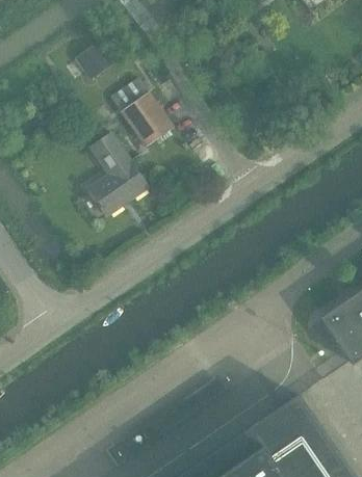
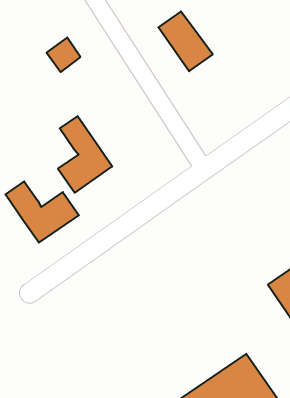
building: [112,81,173,148] -> [158,11,213,71]
building: none -> [5,181,79,243]

